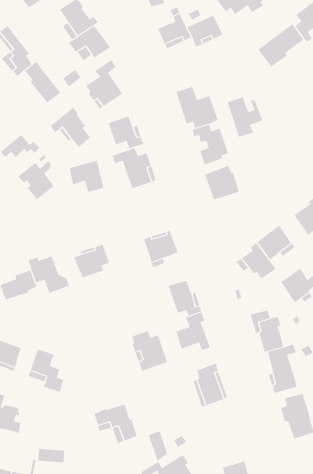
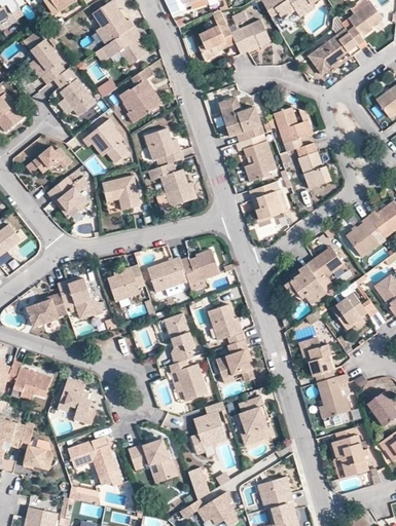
building: none -> [296,142,331,188]
building: none -> [149,257,190,294]
building: none -> [167,313,196,364]
building: none -> [191,410,227,453]
building: none -> [69,438,122,488]
building: none -> [258,476,294,509]

